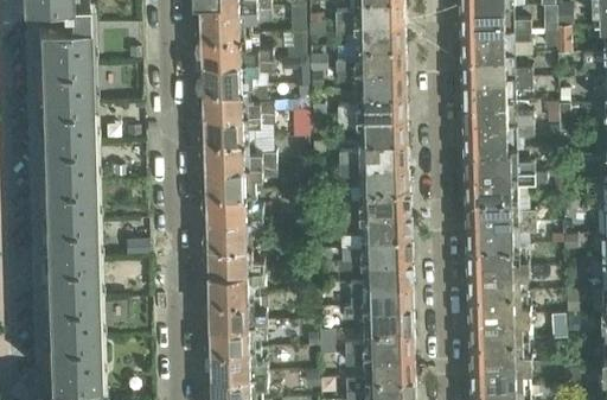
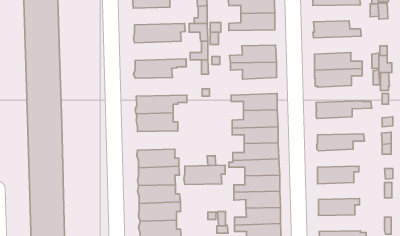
building: [462,30,532,55] -> none
building: [198,33,274,59] -> none
building: [339,66,408,90] -> none
building: [464,76,533,102] -> none
building: [199,83,276,112] -> none
building: [202,136,277,164] -> none
building: [343,136,410,163] -> none
building: [466,148,536,173] -> none
building: [467,195,537,221] -> none
building: [204,215,264,243] -> [184,165,225,185]
building: [468,242,530,268] -> none
building: [469,291,531,316] -> none
building: [471,338,532,363] -> none

